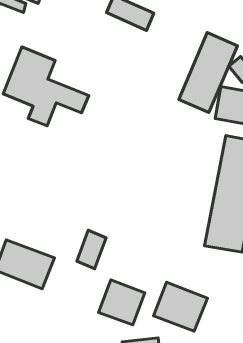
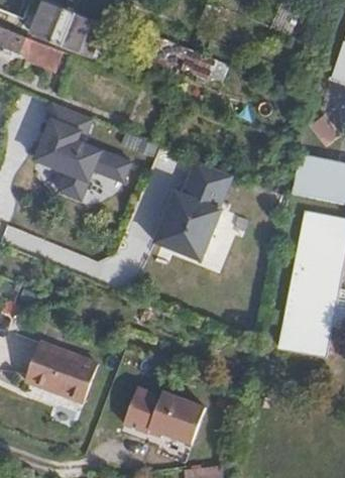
building: [179,33,237,113] -> [164,161,237,260]
building: [77,230,106,269] -> [124,388,160,436]
building: [154,282,208,331] -> none

